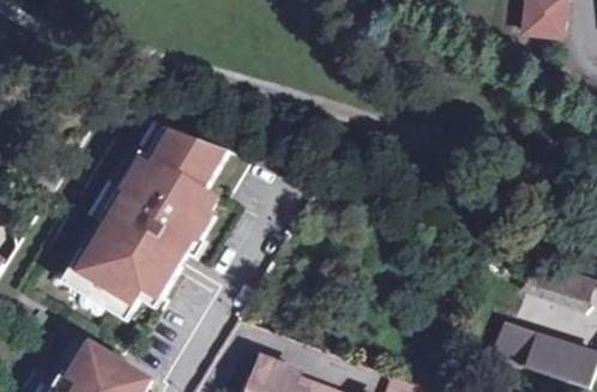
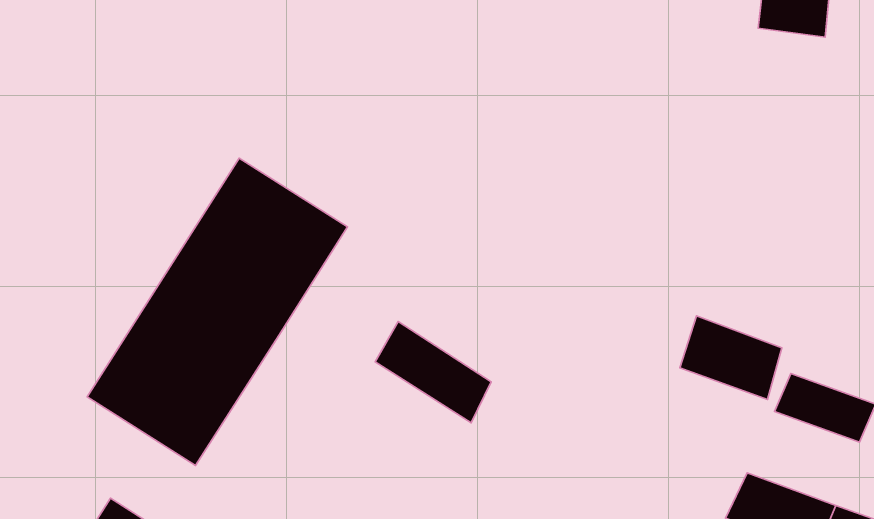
building: none -> [680,316,782,399]
building: none -> [375,322,491,423]

